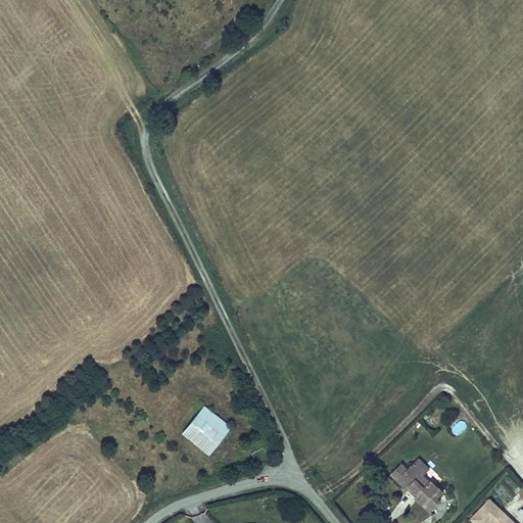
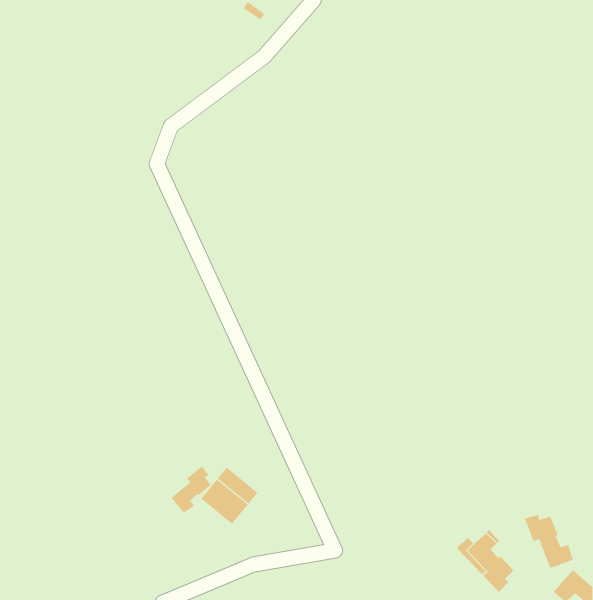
building: none -> [171,466,211,514]
building: none -> [524,514,573,568]

